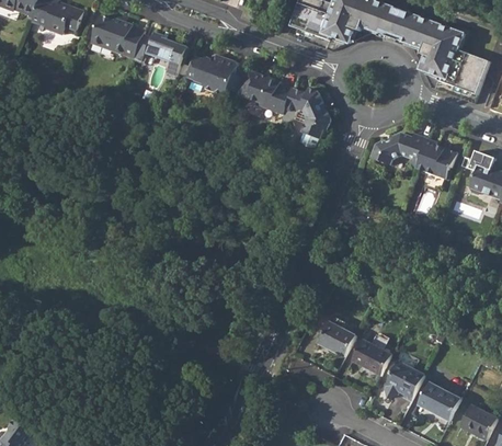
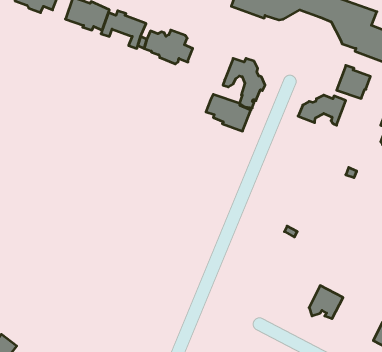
building: [238,69,292,113] -> [206,94,251,131]
building: [415,138,456,178] -> [337,65,370,98]
building: [317,315,354,356] -> none
building: [350,338,390,375] -> none
building: [417,381,459,420] -> none

